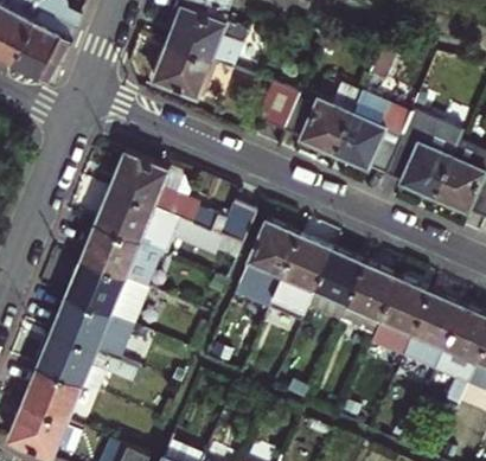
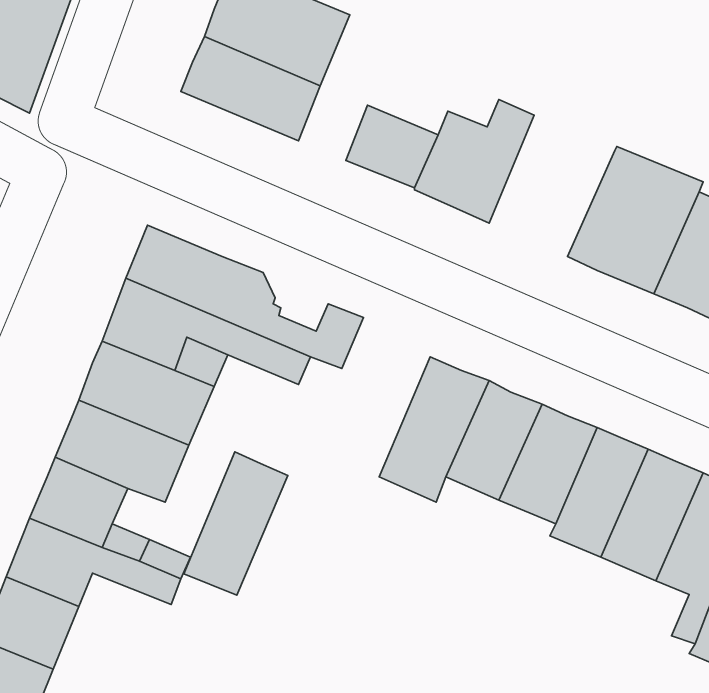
building: [332,89,408,174] -> none
building: [234,220,296,307] -> [184,452,288,595]

